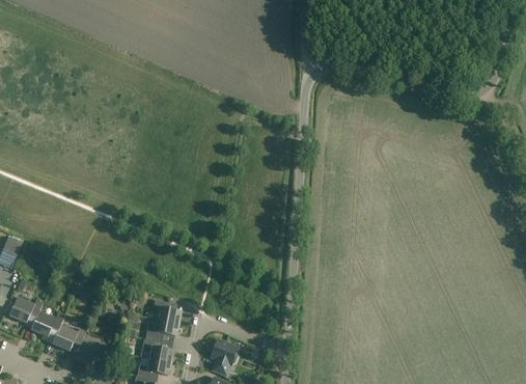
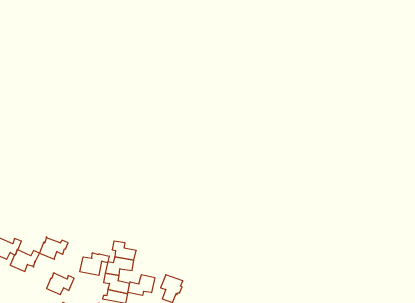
building: none -> [80,253,109,275]
building: [52,324,86,351] -> [40,237,68,259]
building: none -> [128,275,155,295]

